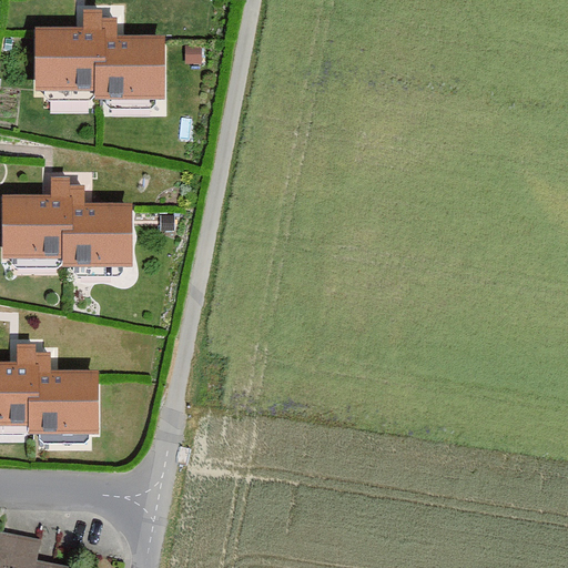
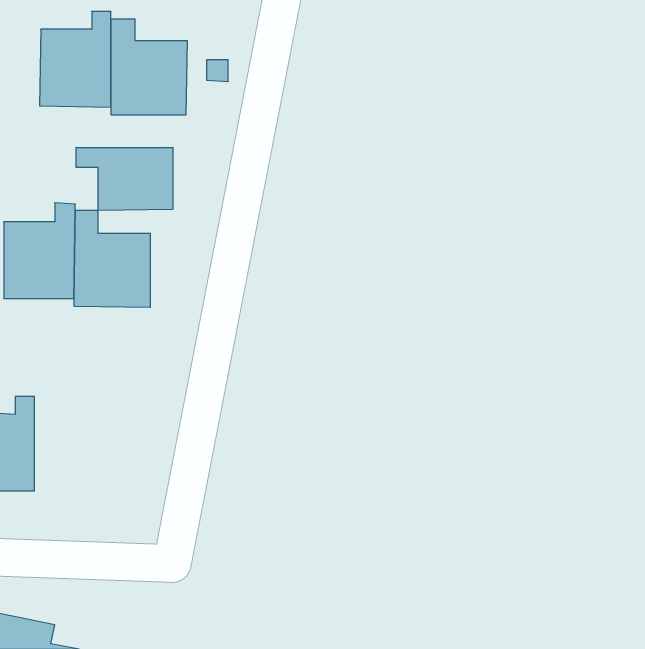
building: none -> [76,147,173,210]
building: [30,351,97,435] -> none

